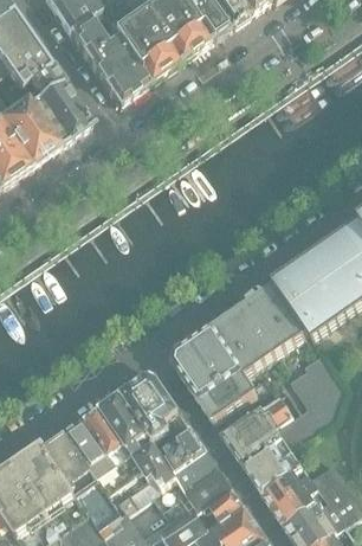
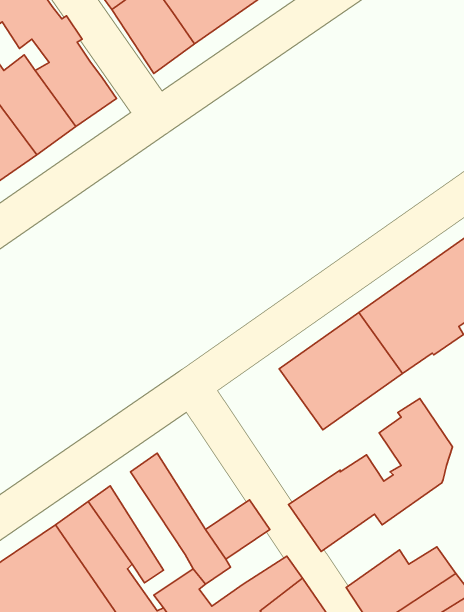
building: [174,326,257,419] -> none
building: [121,373,190,448] -> none
building: [85,404,142,478] -> none
building: [245,436,304,492] -> none
building: [173,448,219,489] -> none

